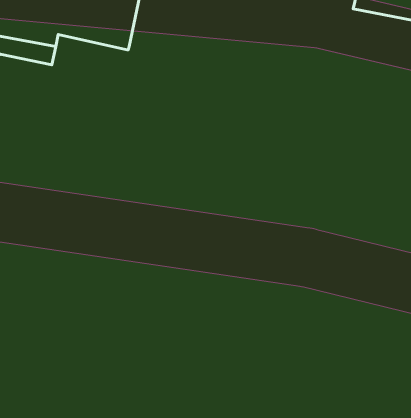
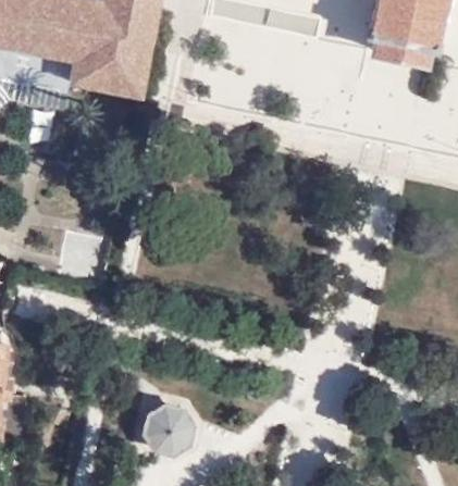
building: none -> [147,409,194,458]

